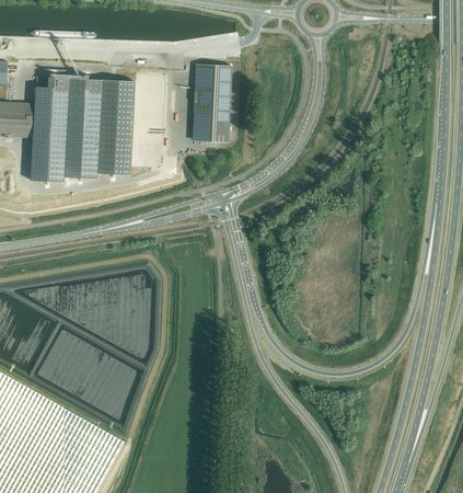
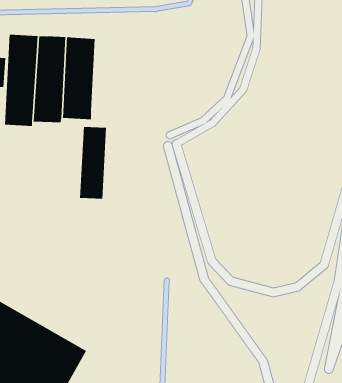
building: [190,64,230,141] -> none
building: [129,81,161,164] -> [79,127,107,199]

